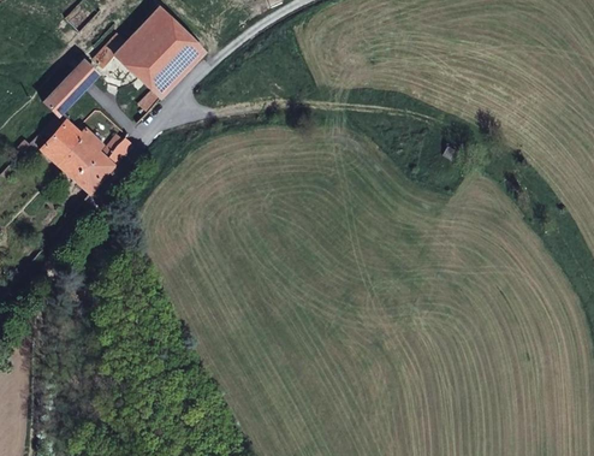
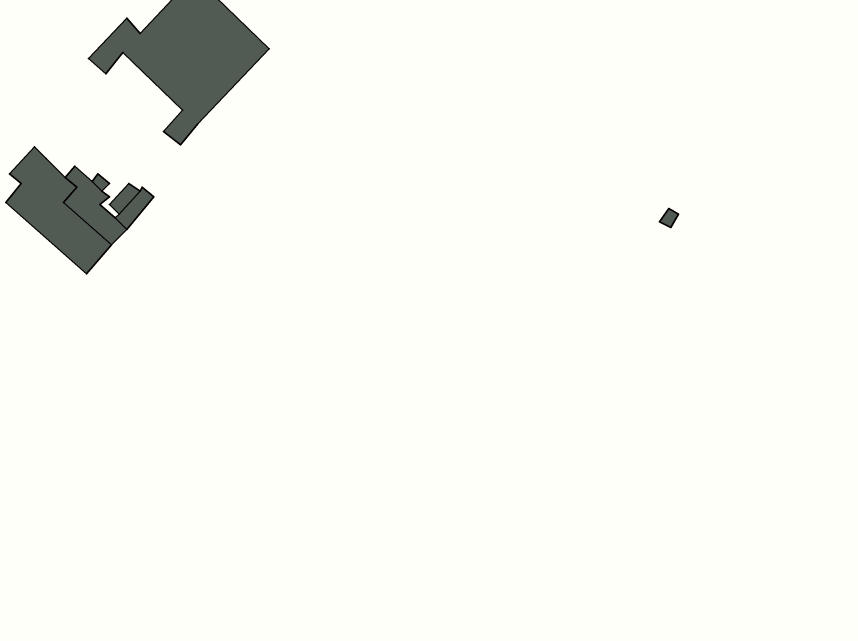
building: [43,58,96,113] -> none

